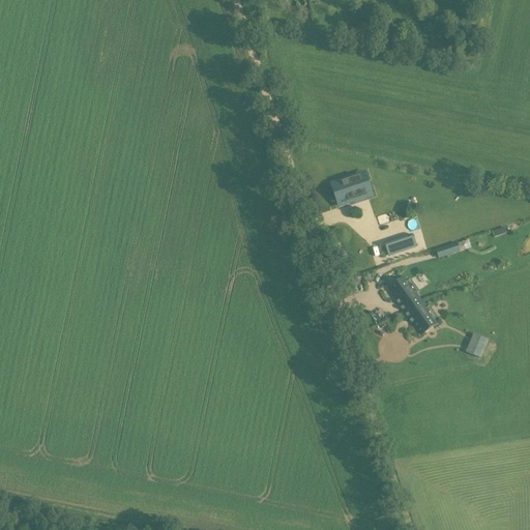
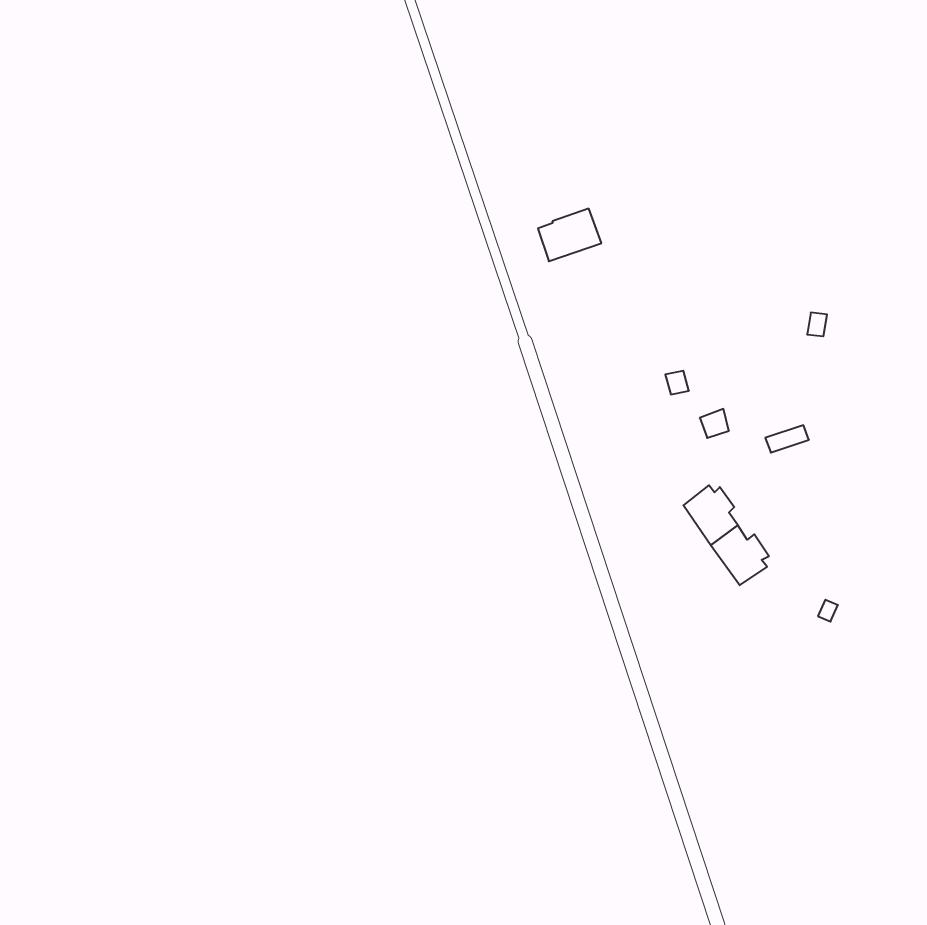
building: [331,172,367,202] -> [538,209,601,261]

